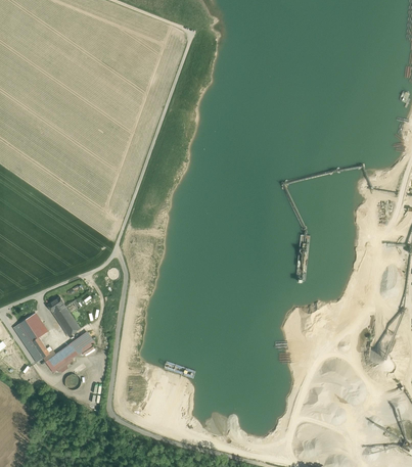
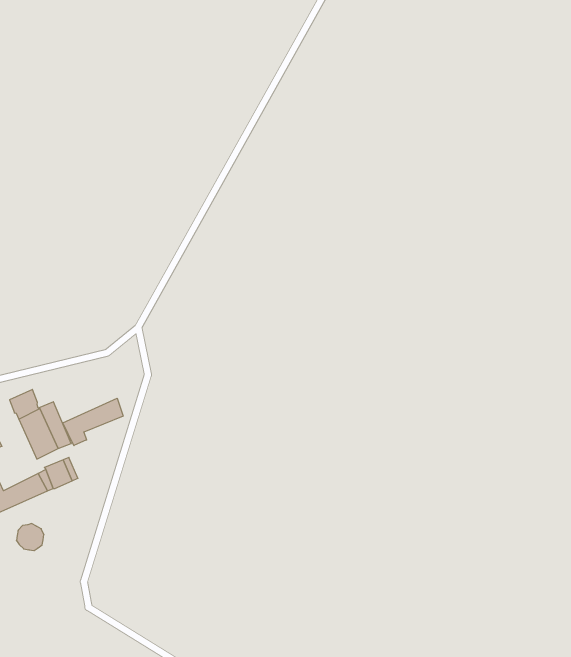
building: none -> [63,398,123,446]

